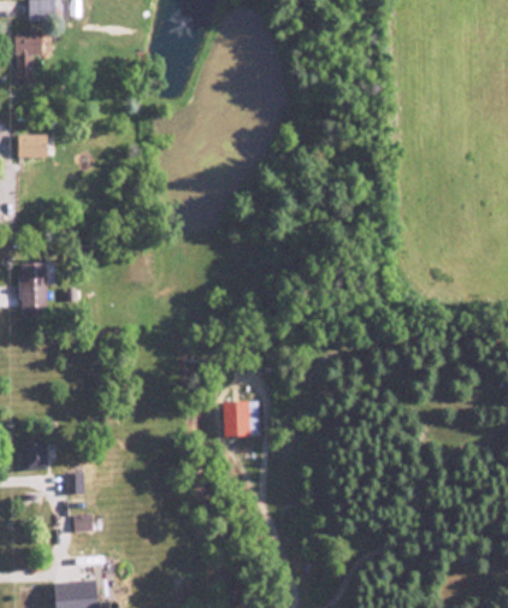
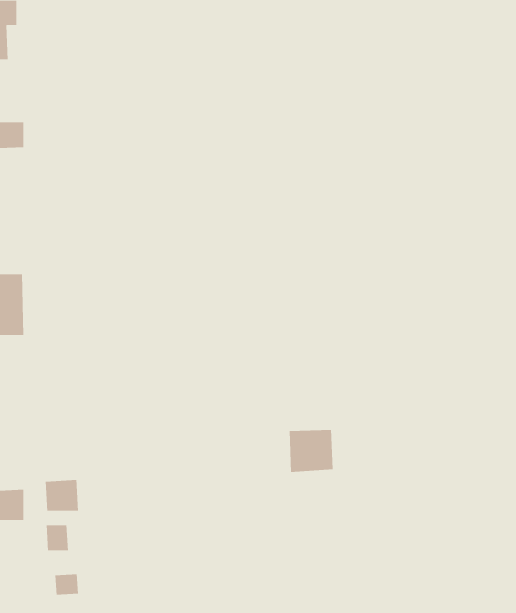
building: [223,401,260,437] -> [289,429,333,472]
building: none -> [45,479,79,512]

